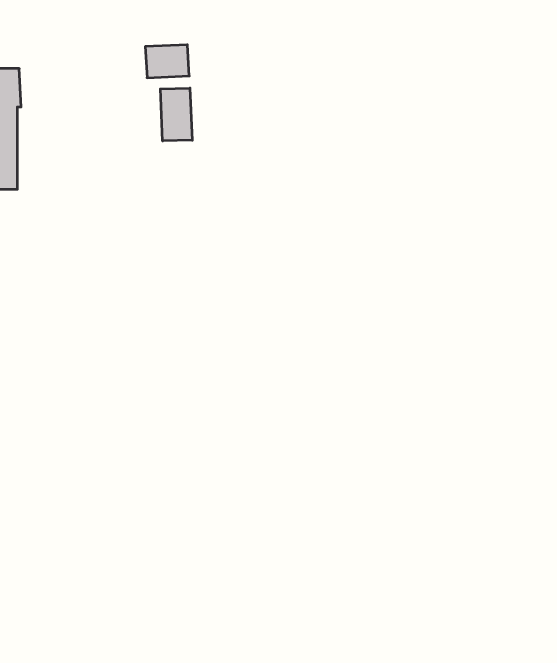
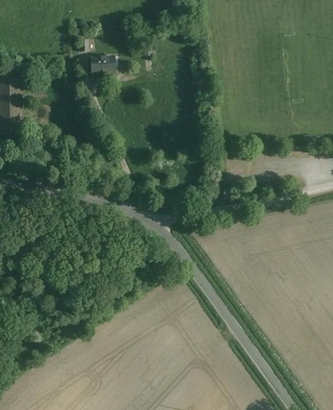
building: [160,88,192,141] -> none

